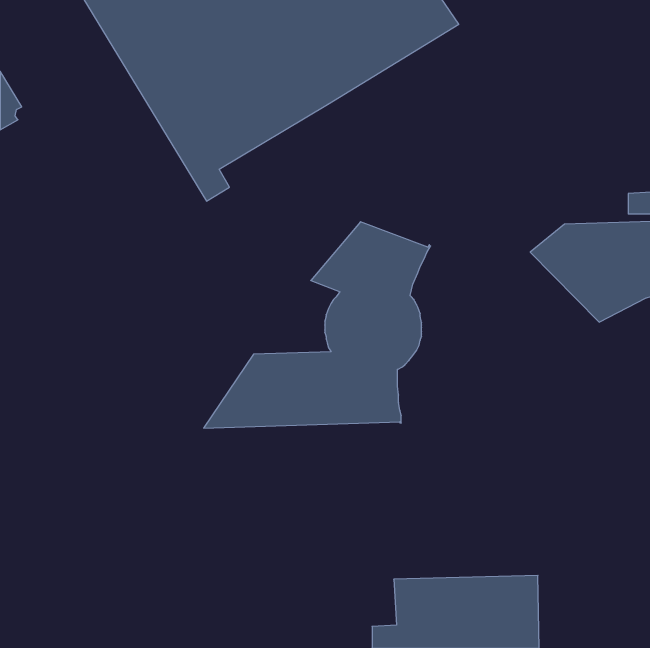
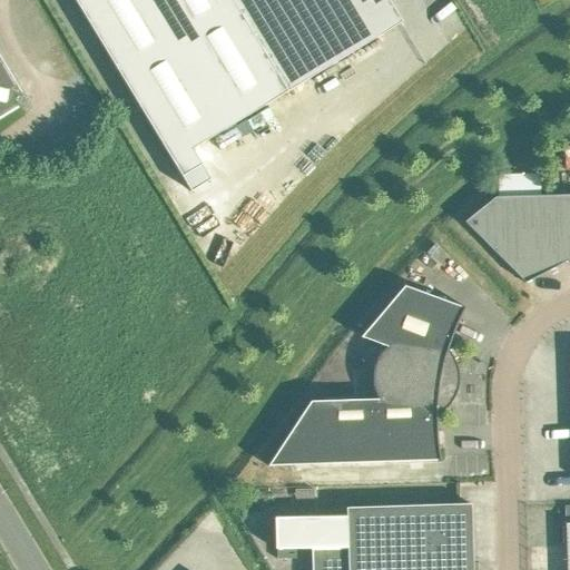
building: [204,222,431,428] -> [267,285,465,465]
building: none -> [272,513,345,547]

